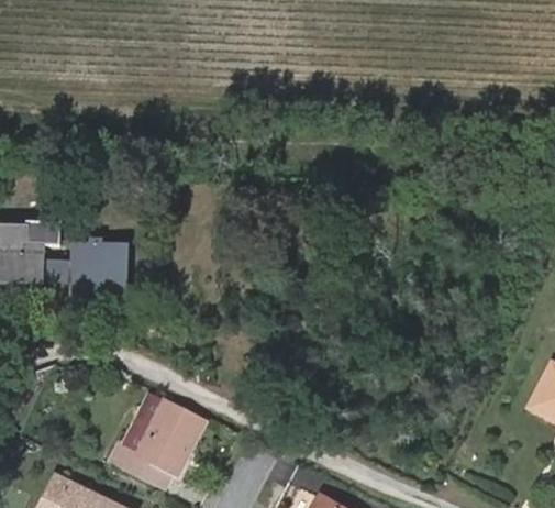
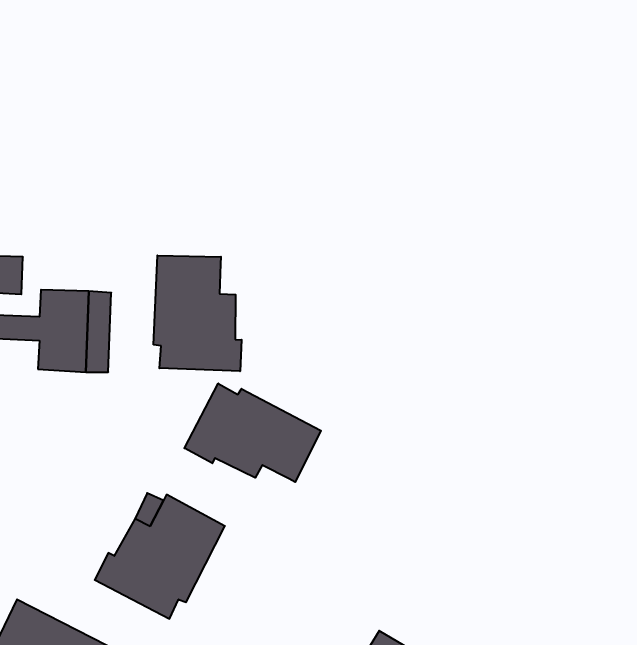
building: none -> [154,255,242,371]
building: none -> [184,383,321,482]

